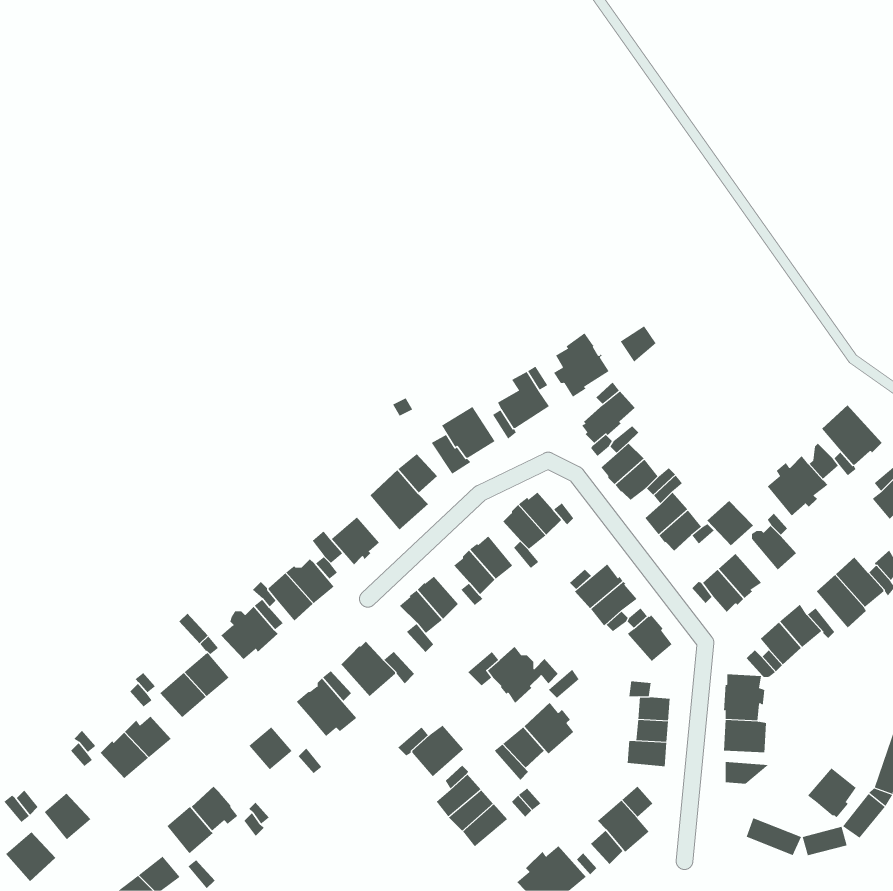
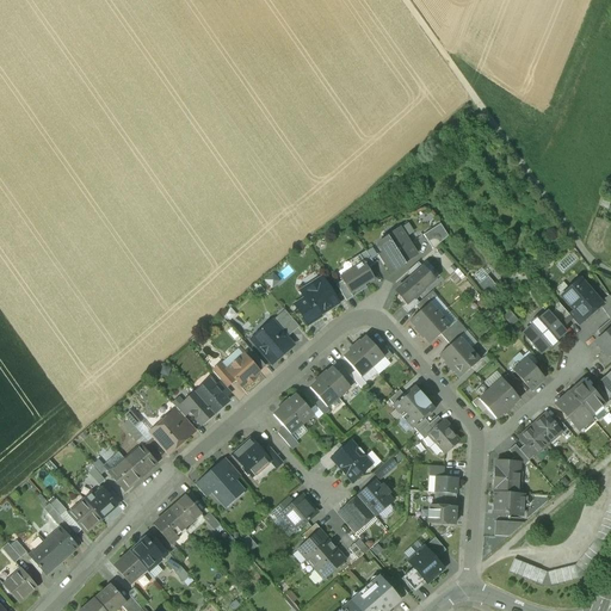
building: [706,500,754,546] -> none
building: none -> [154,508,185,542]
building: [807,767,857,818] -> none
building: none -> [47,526,79,558]

